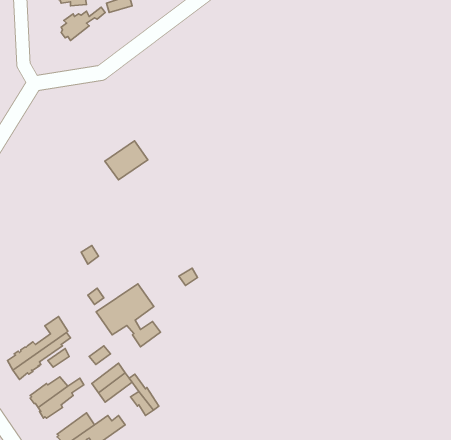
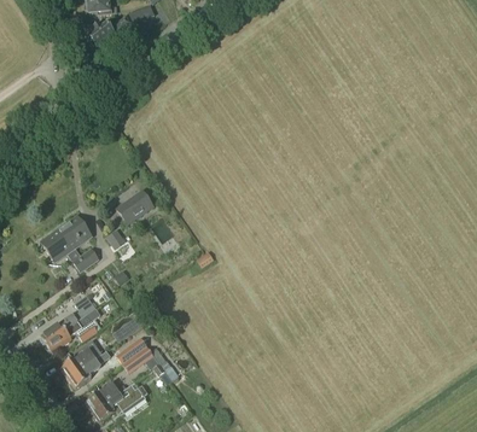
building: [105,141,148,180] -> [115,189,153,224]
building: [96,284,160,347] -> [40,215,98,272]

